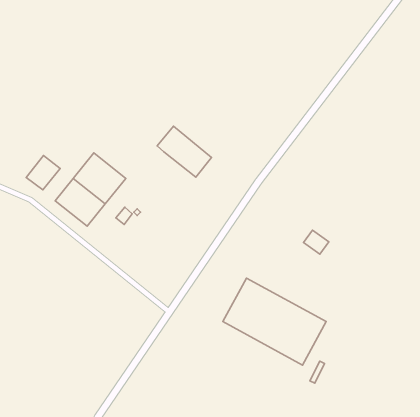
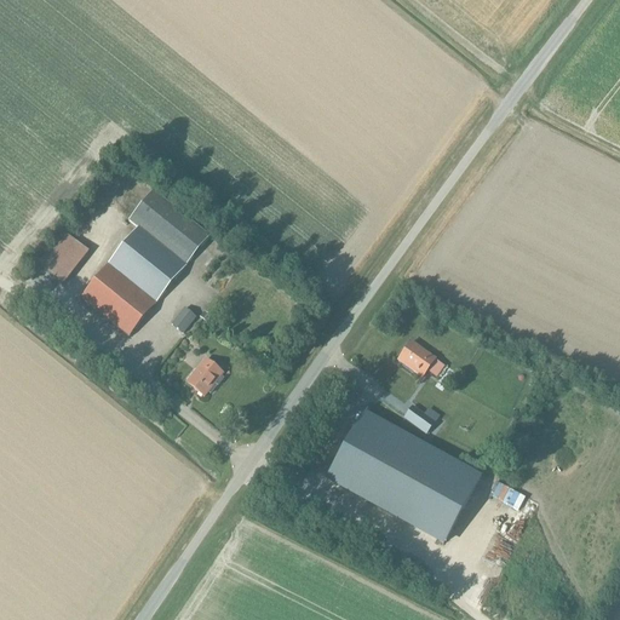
building: [157,126,211,177] -> [128,188,208,263]
building: [303,230,329,254] -> [397,339,435,374]
building: none -> [186,356,223,394]

